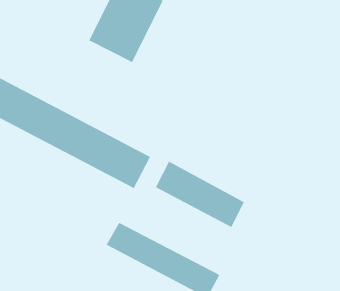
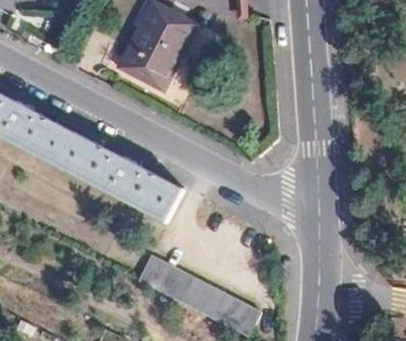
building: [155,161,244,228] -> none

